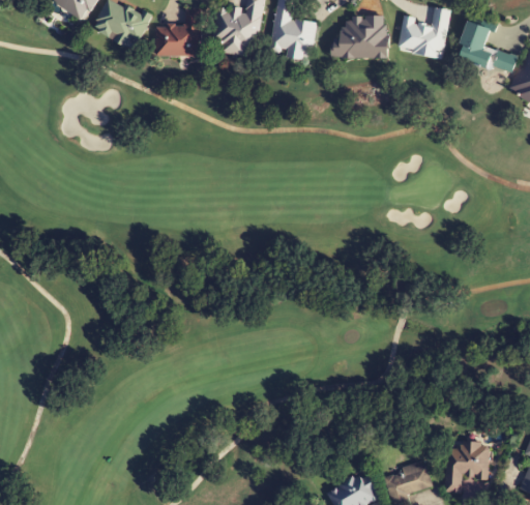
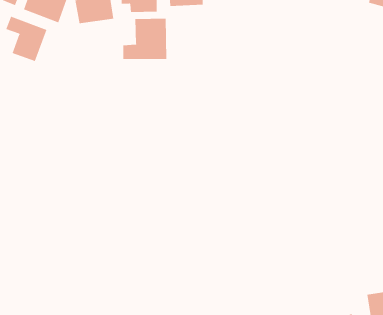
building: none -> [6,16,47,62]
building: none -> [123,18,167,60]

